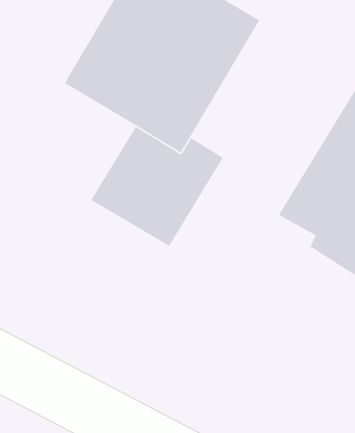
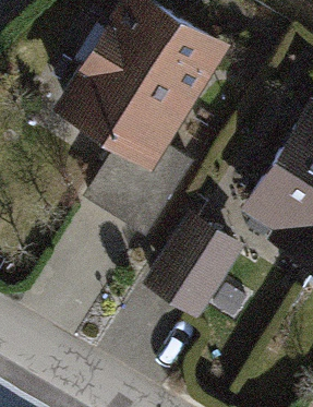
building: none -> [145,213,244,320]

